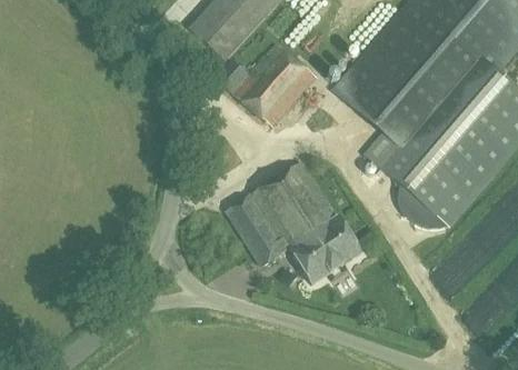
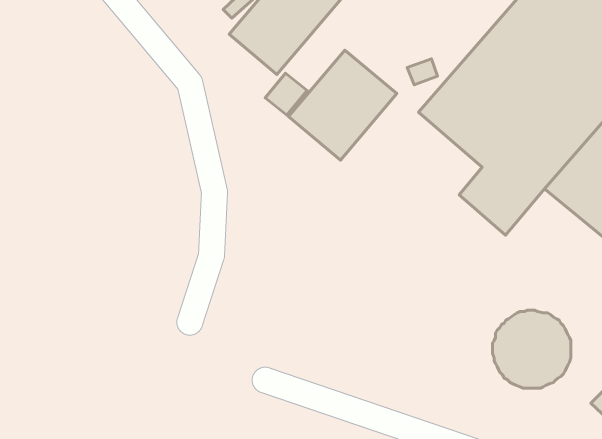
building: [228,163,362,286] -> none
building: [405,164,465,224] -> [493,310,571,388]

